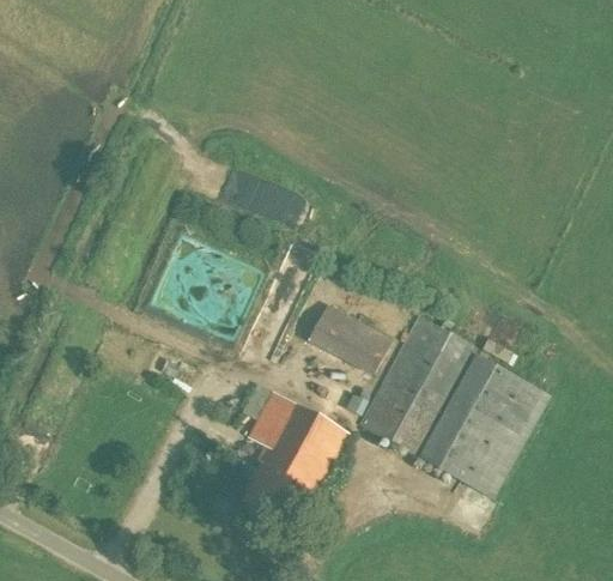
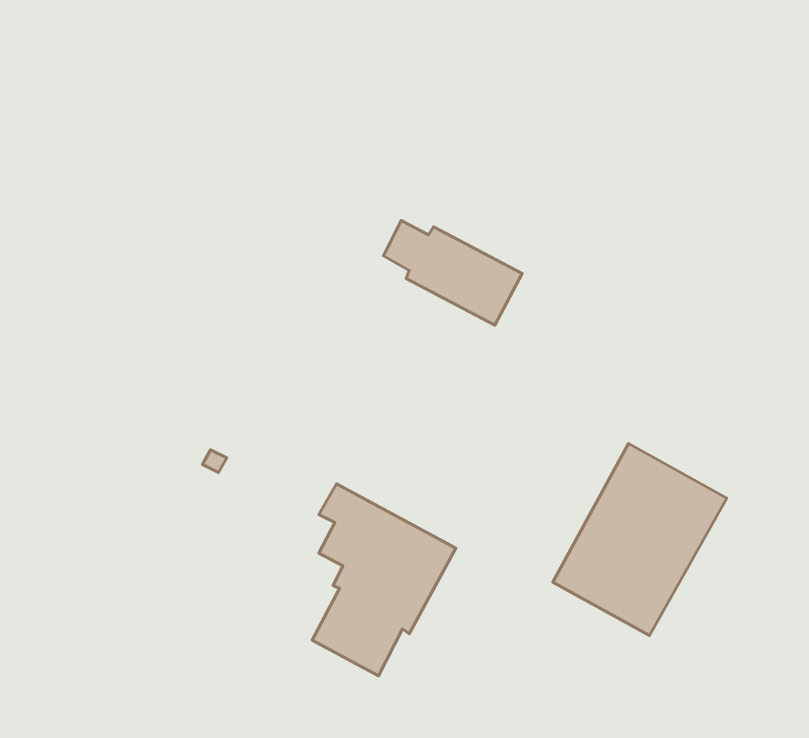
building: [291,298,394,376] -> [383,220,522,325]
building: [359,314,474,454] -> none

